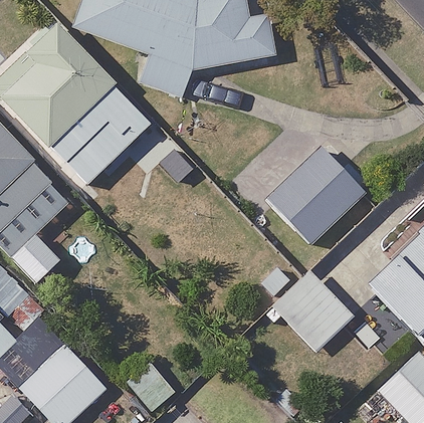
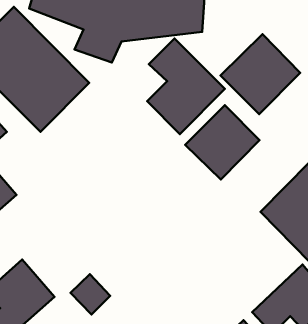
building: none -> [220,34,300,114]
building: none -> [147,38,225,134]
building: [274,270,353,350] -> none

